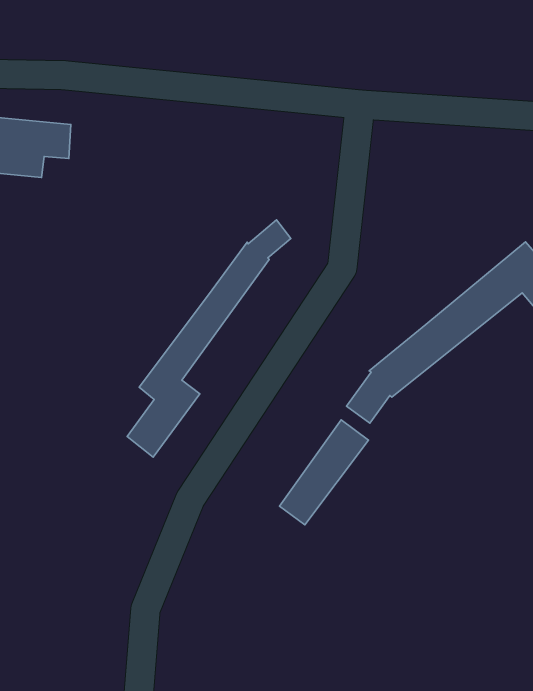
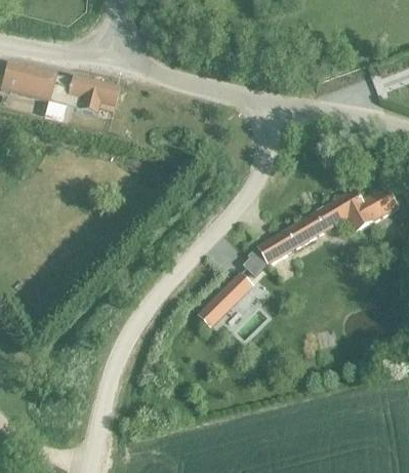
building: [127,220,291,457] -> none

